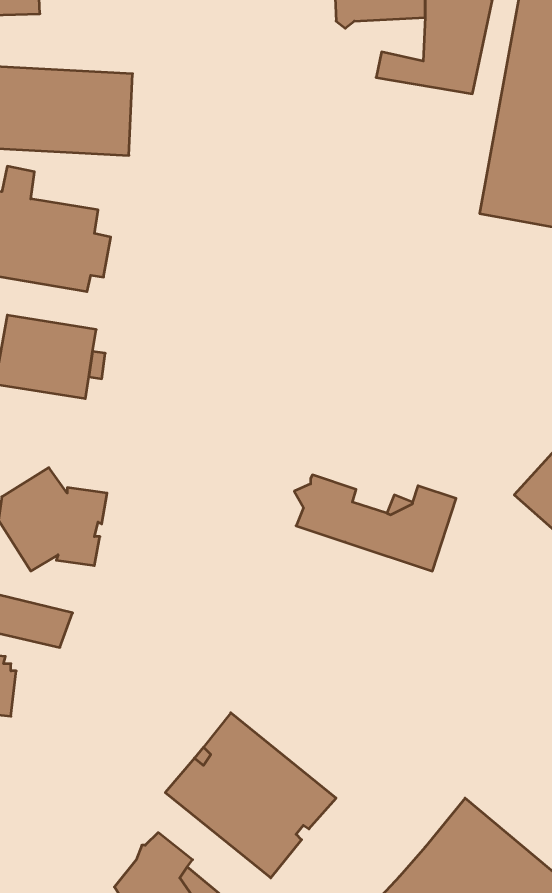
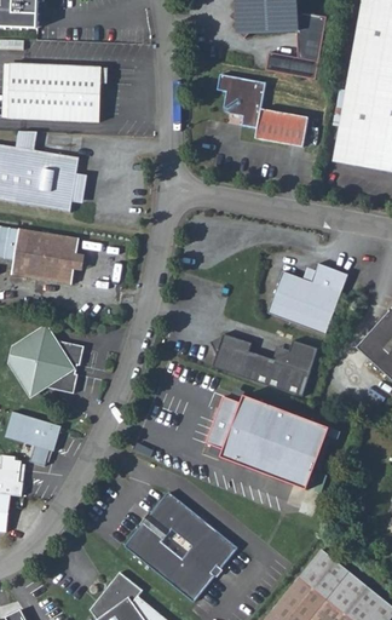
building: none -> [218,74,309,147]
building: none -> [266,264,347,335]
building: none -> [203,396,328,490]

